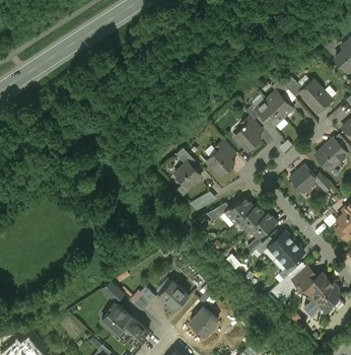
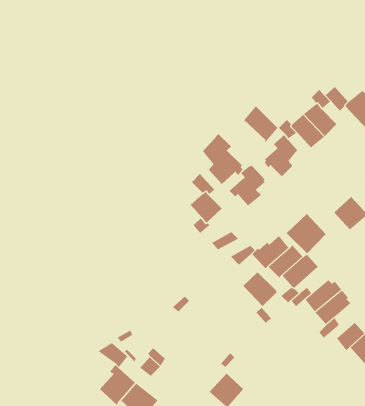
building: none -> [243,106,278,144]
building: none -> [202,133,243,185]
building: none -> [286,213,327,254]
building: none -> [242,271,278,307]
building: [159,280,189,309] -> none

